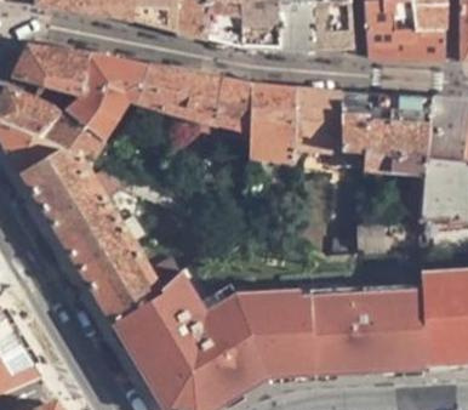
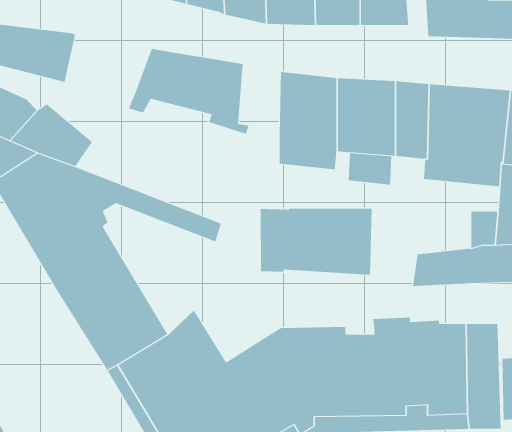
building: [67,56,149,141] -> none
building: [218,79,251,135] -> none
building: none -> [260,208,372,276]

